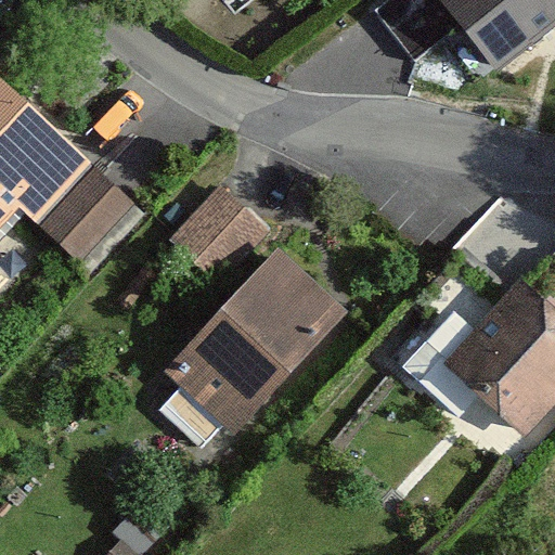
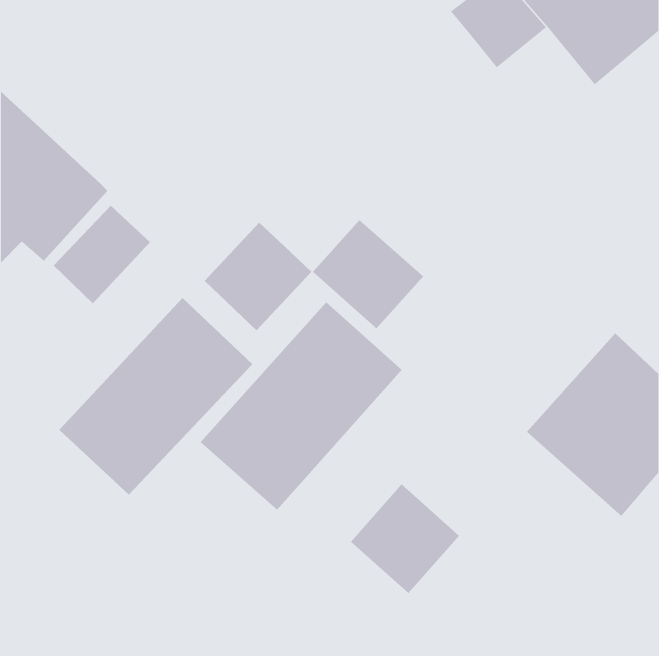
building: none -> [312,219,424,329]
building: none -> [58,297,253,496]
building: none -> [350,483,460,594]

